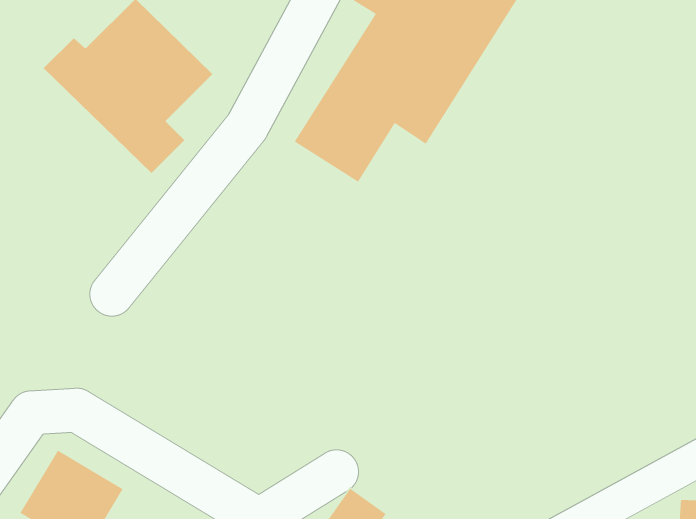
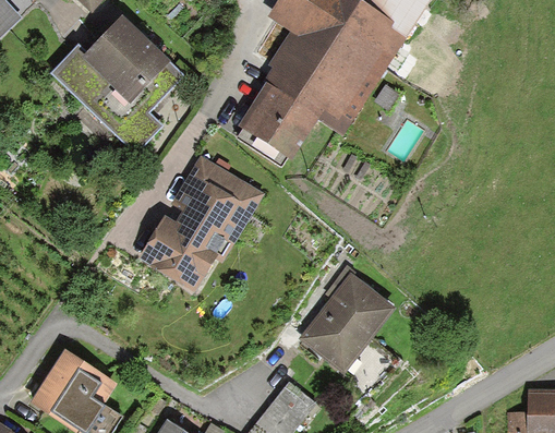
building: none -> [136,155,256,290]
building: none -> [300,273,393,371]

